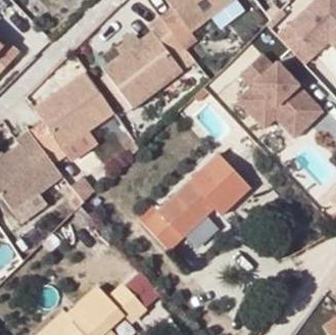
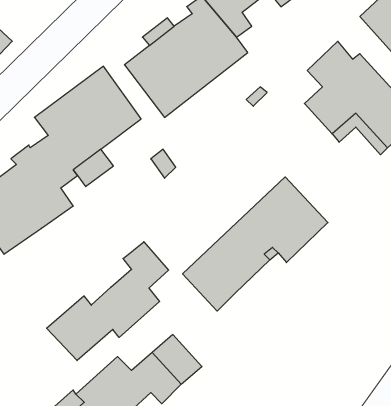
building: none -> [47,242,169,361]

